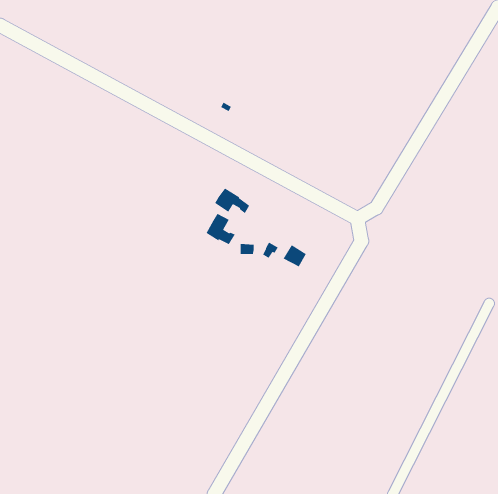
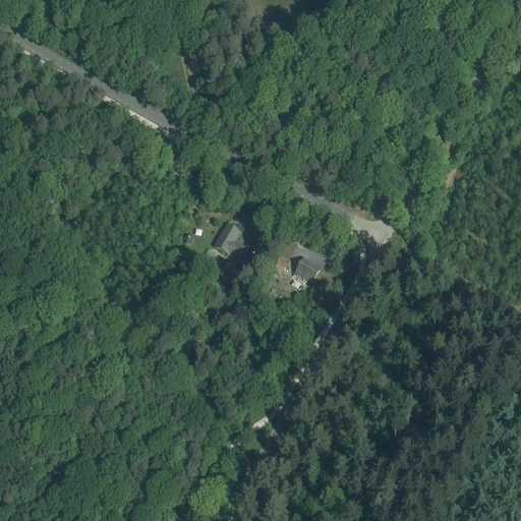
building: [214,188,250,214] -> none

